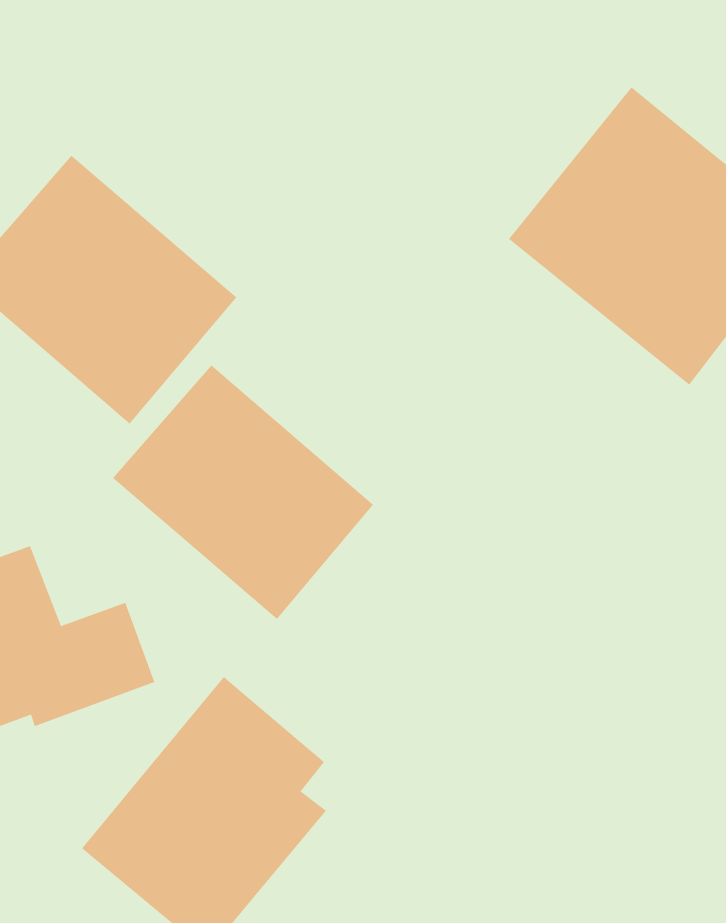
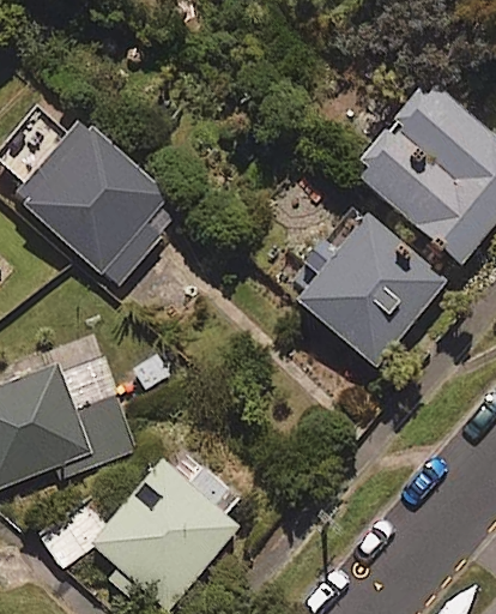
building: none -> [294,212,446,365]
building: [112,365,374,620] -> none

